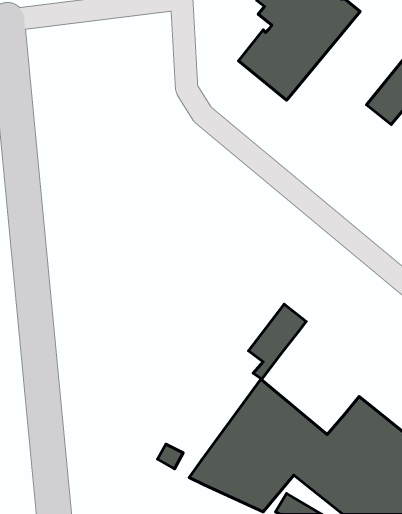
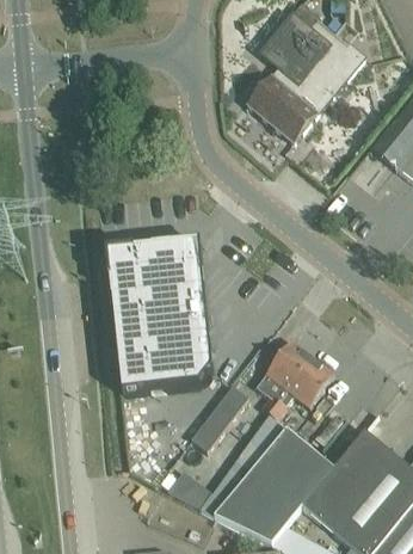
building: none -> [106,241,212,393]
building: none -> [270,357,334,420]
building: none -> [191,384,248,451]

